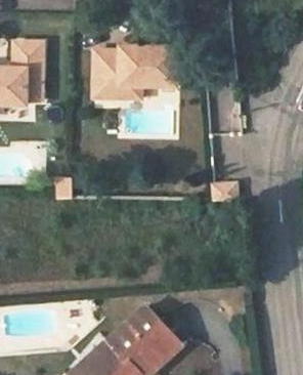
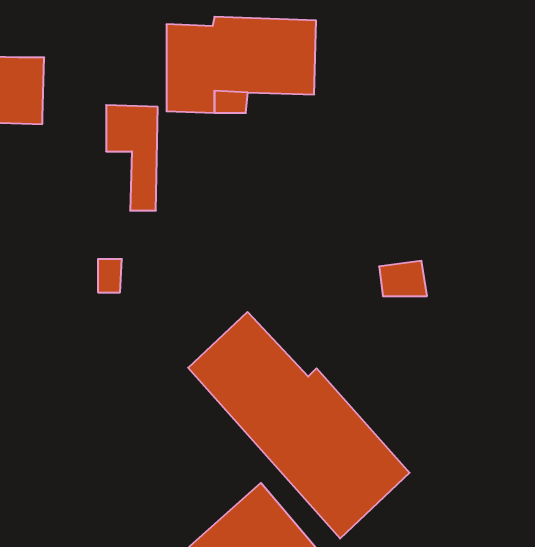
building: [11,43,40,101] -> [106,105,158,211]
building: none -> [188,312,410,539]

